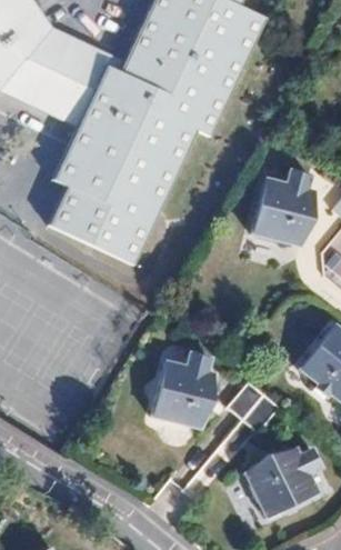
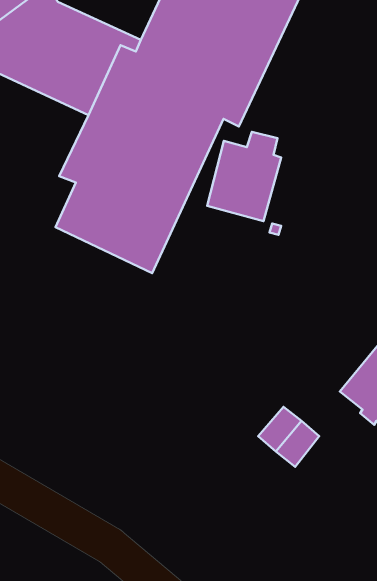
building: [251,169,315,247] -> [207,132,281,221]
building: [151,352,214,429] -> none
building: [244,447,322,518] -> none

